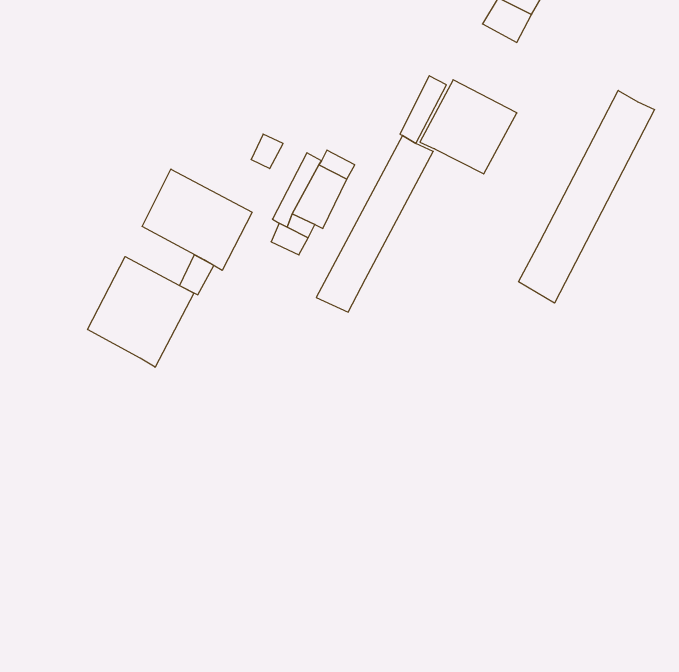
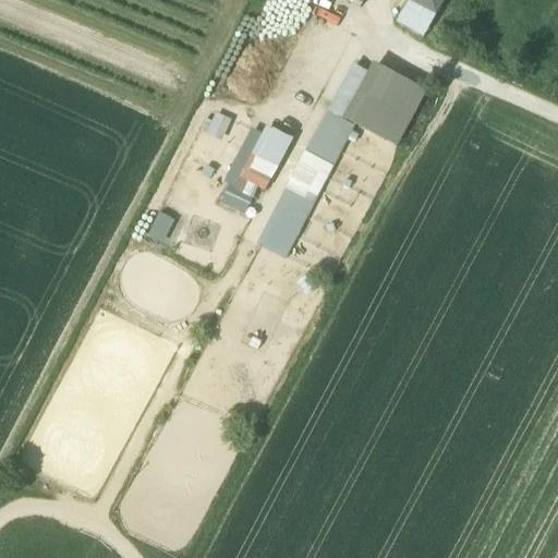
building: [519,90,655,303] -> none
building: [142,169,252,270] -> none
building: [88,257,194,367] -> none

